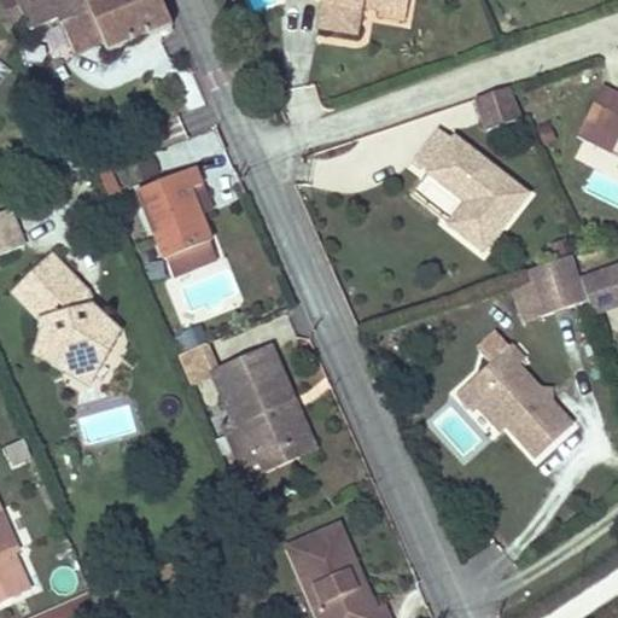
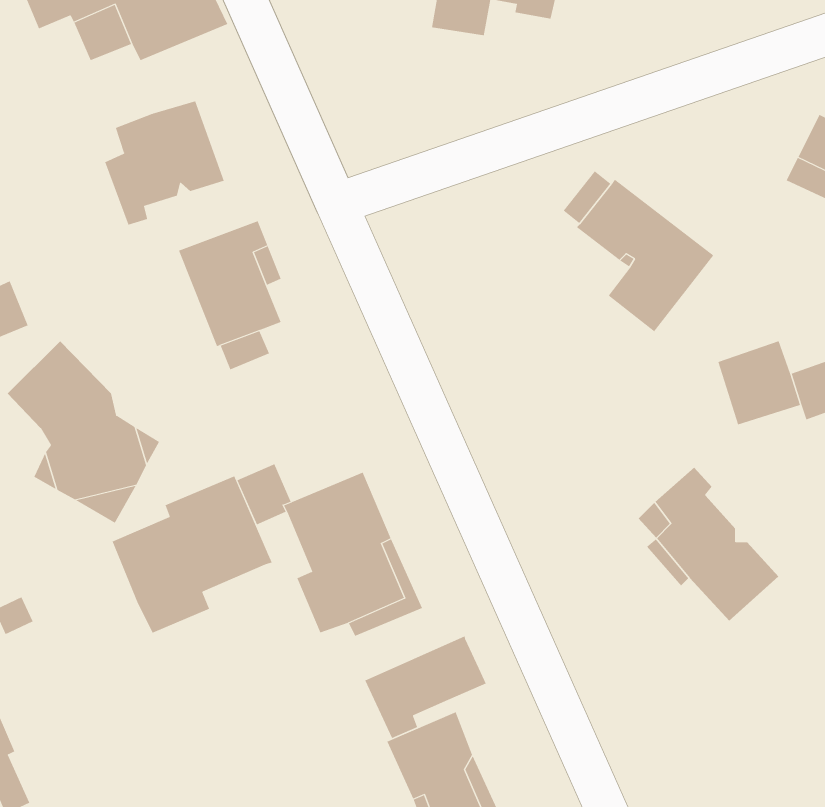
building: none -> [105,101,224,225]
building: [477,83,523,128] -> none
building: none -> [112,475,272,633]
building: none -> [365,636,487,739]

